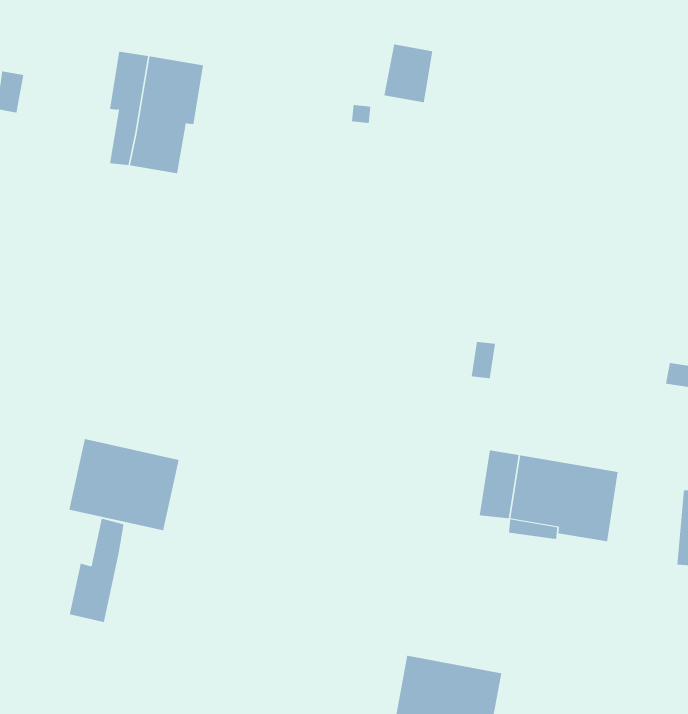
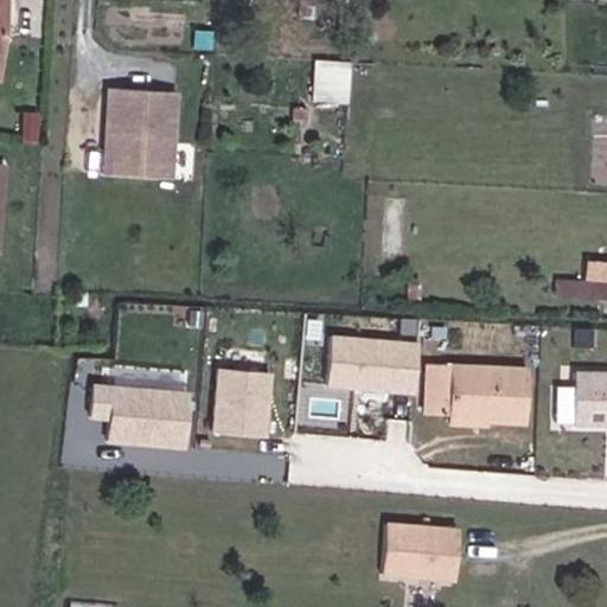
building: none -> [331,334,420,394]
building: none -> [212,372,275,440]
building: [69,518,124,623] -> none

